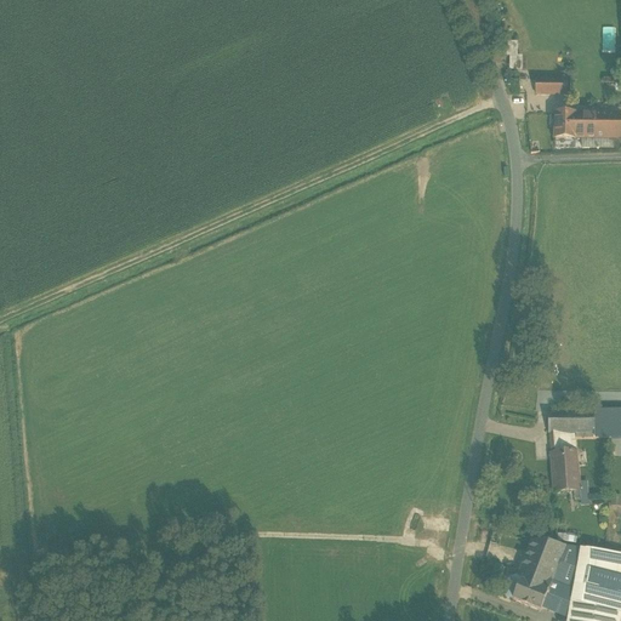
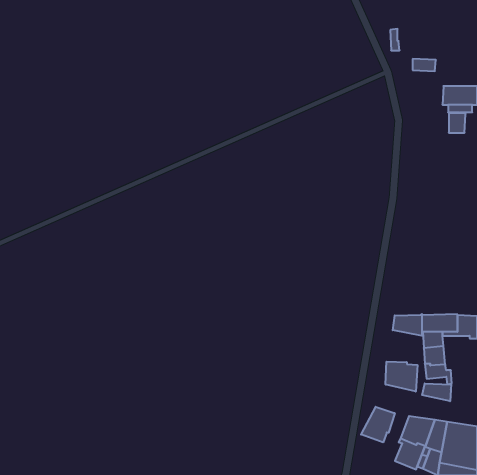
building: [554,110,576,136] -> [449,113,466,133]
building: none -> [393,314,422,336]
building: none -> [386,362,417,392]
building: none -> [422,383,451,401]
building: none -> [361,407,395,442]

